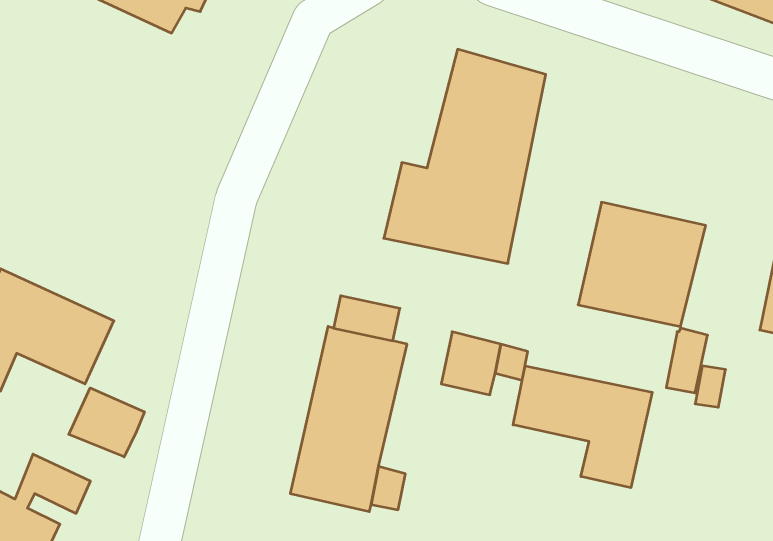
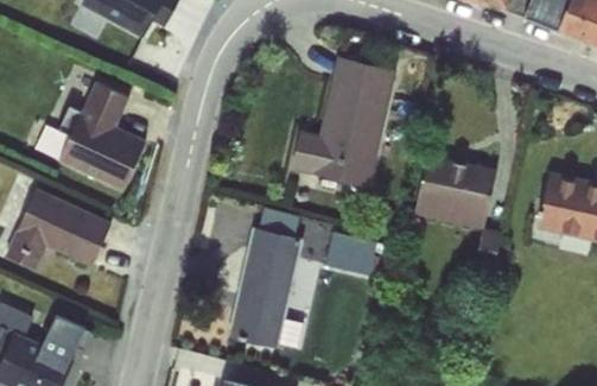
building: none -> [56,74,148,189]
building: [513,366,652,488] -> none
building: [69,388,144,457] -> none

